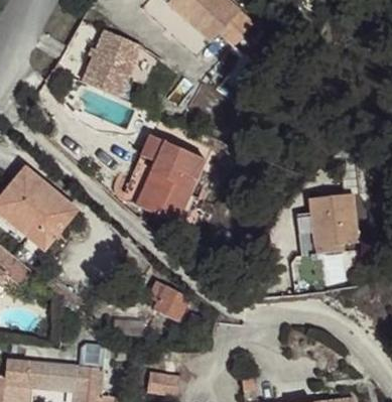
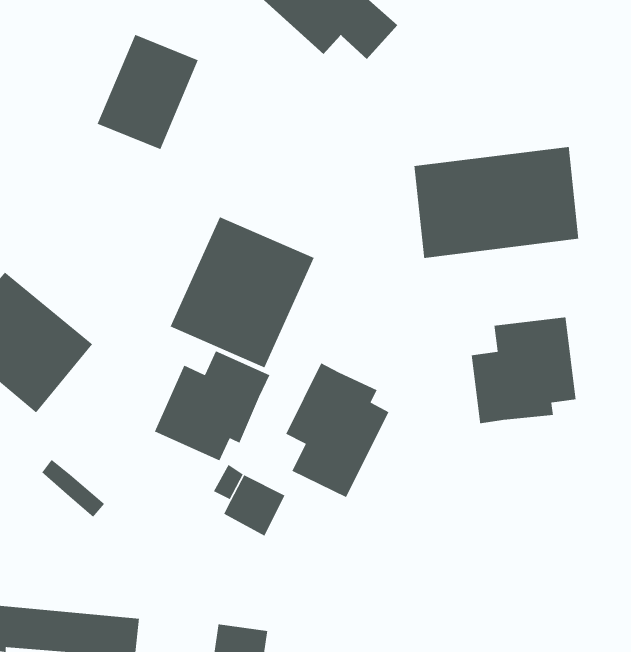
building: none -> [414,146,579,259]
building: none -> [154,350,270,462]
building: none -> [285,362,390,498]

